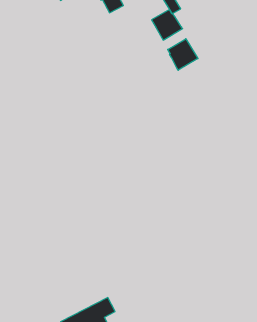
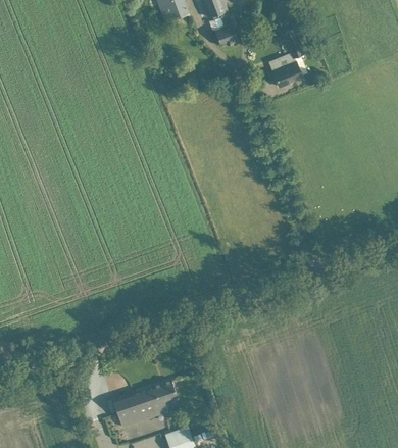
building: [168,39,198,70] -> none

